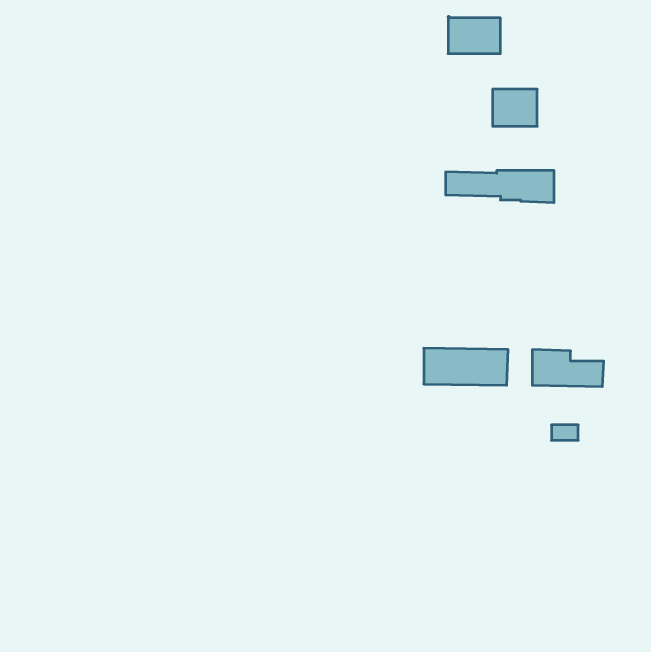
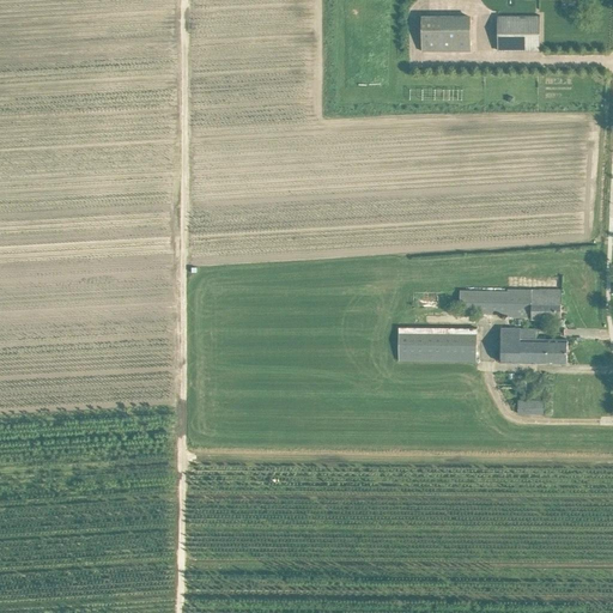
building: [493,89,537,126] -> [497,16,539,50]
building: [446,171,554,203] -> [459,290,560,320]

